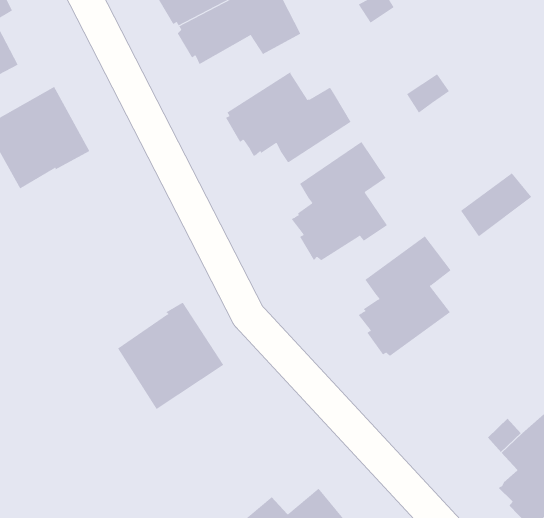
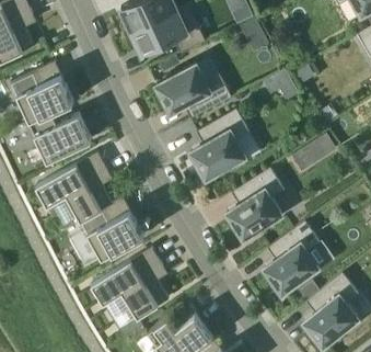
building: none -> [30,113,92,163]
building: none -> [36,154,113,224]
building: none -> [264,223,321,295]
building: none -> [92,249,170,319]

